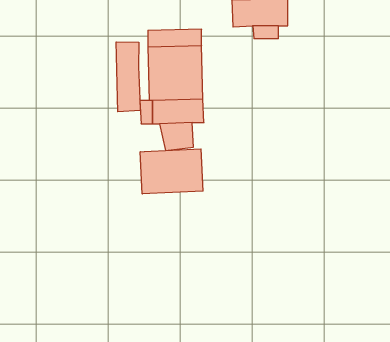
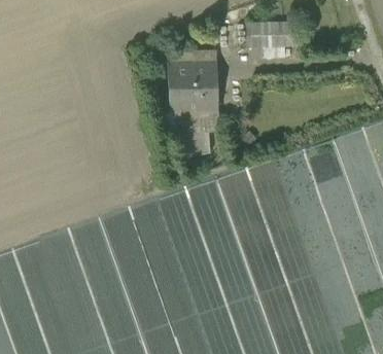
building: [116,42,140,112] -> none
building: [140,149,203,194] -> none

